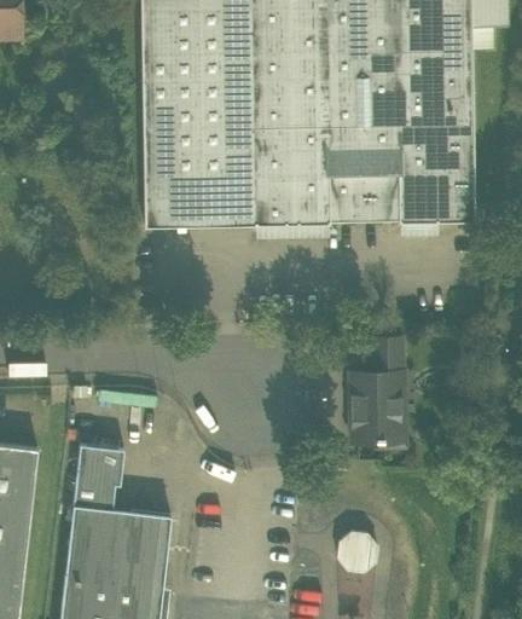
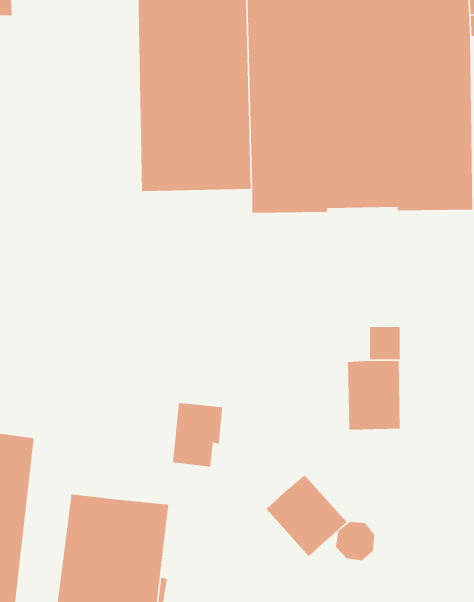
building: [143,199,253,225] -> none
building: [72,442,123,508] -> [172,402,223,468]
building: none -> [266,474,347,557]

